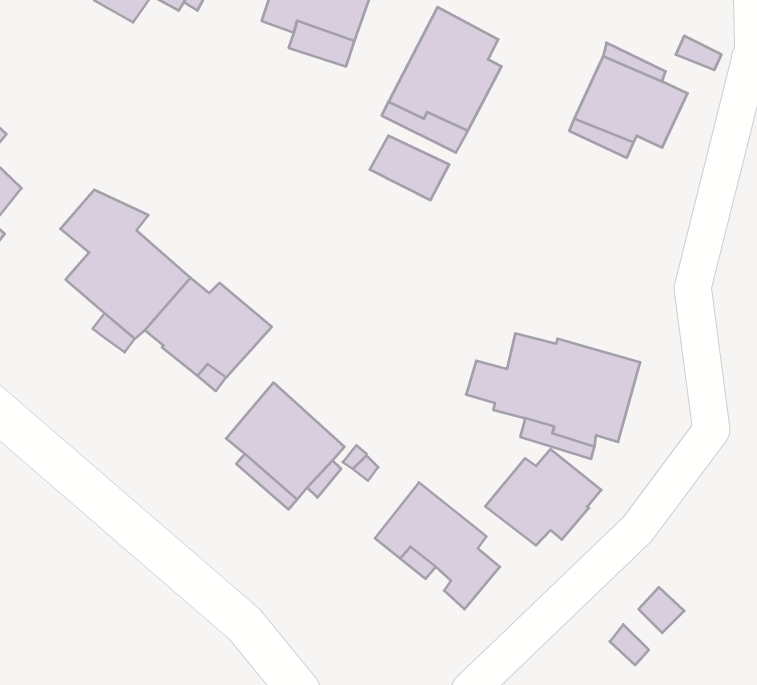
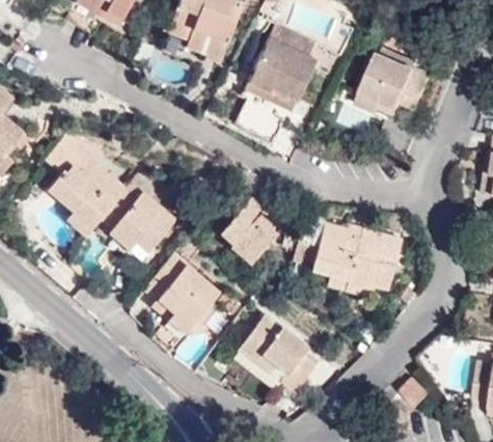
building: none -> [221,197,282,263]
building: [485,449,601,545] -> none

